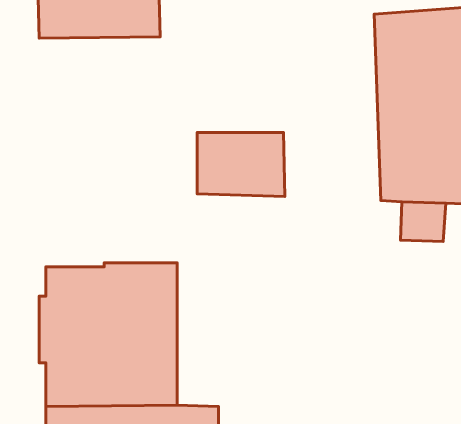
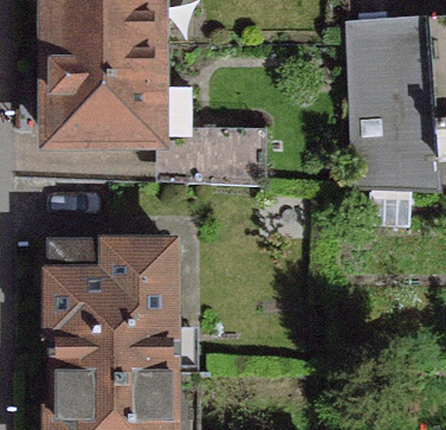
building: none -> [46,43,188,140]

